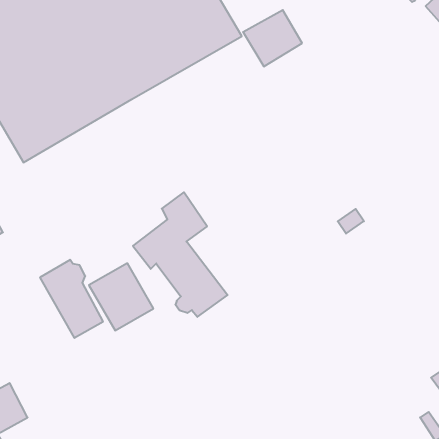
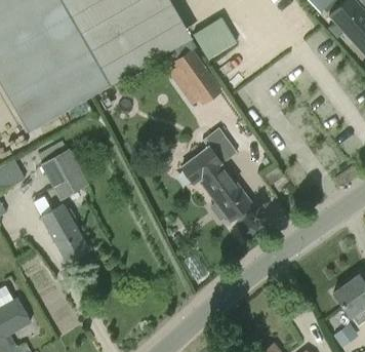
building: none -> [172,47,222,104]
building: [133,192,228,317] -> [181,127,252,221]
building: [89,263,153,330] -> [41,149,89,199]

